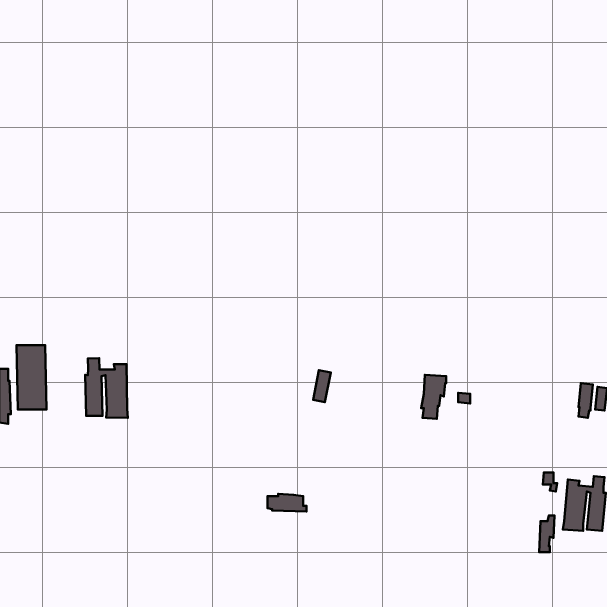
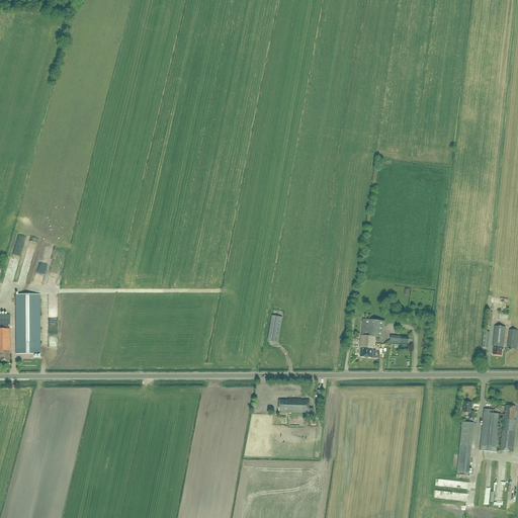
building: [85,358,128,418] -> none
building: [267,494,307,512] -> [278,398,312,413]

